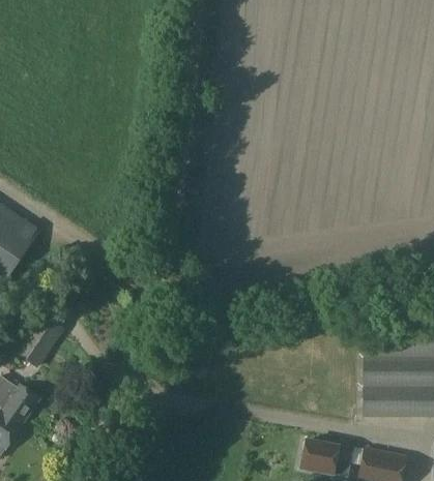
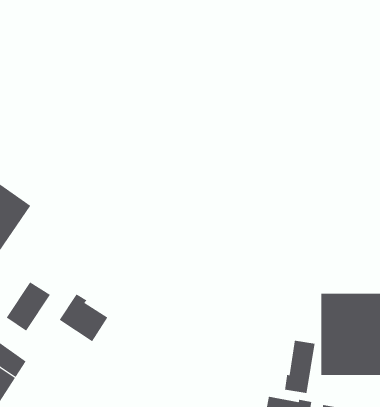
building: none -> [59,293,108,342]
building: none -> [285,340,315,394]

